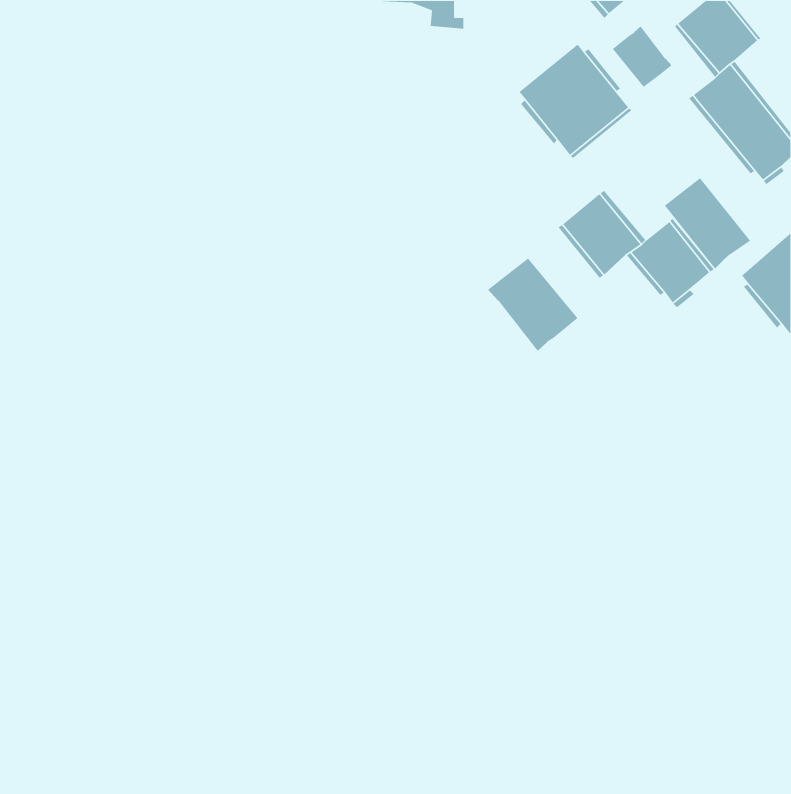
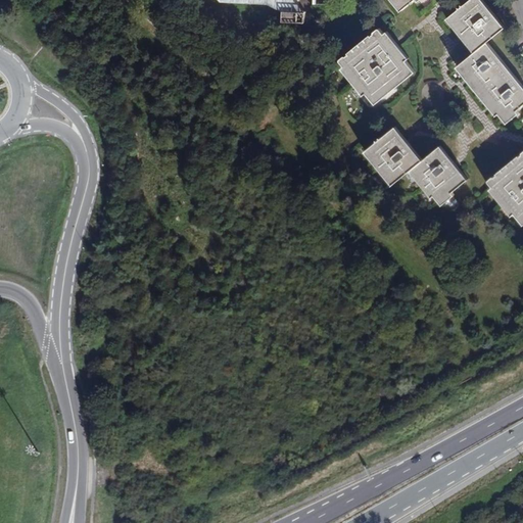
building: [612,25,673,88] -> none
building: [664,177,751,269] -> none
building: [487,258,579,352] -> none

